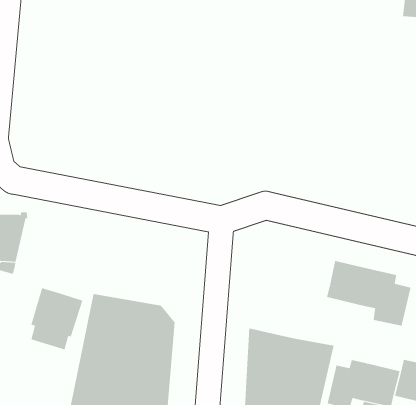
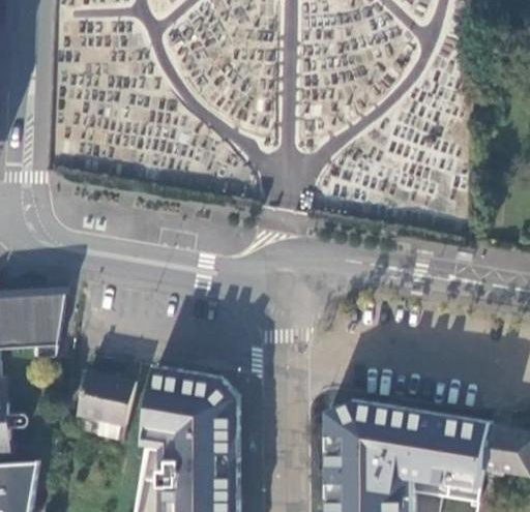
building: [327,260,411,326] -> none

